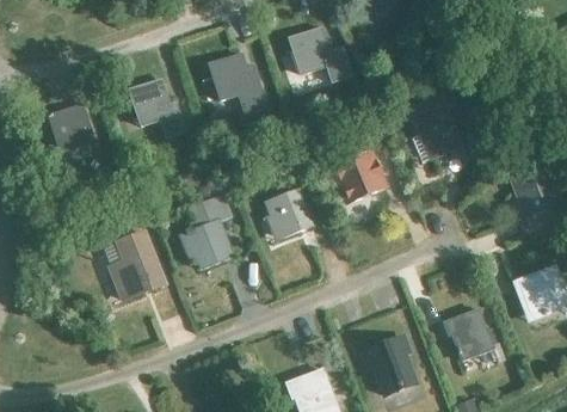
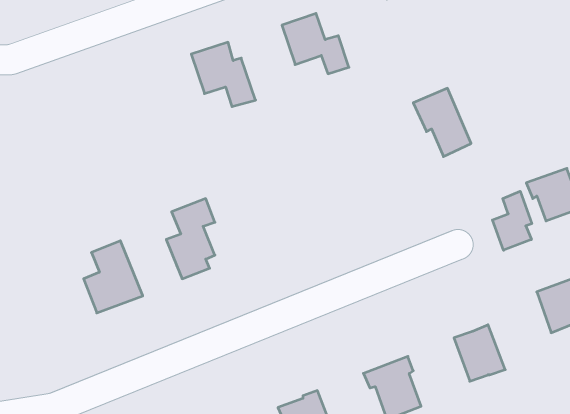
building: [129,78,184,137] -> none
building: [49,104,94,150] -> none
building: [332,150,387,203] -> none
building: [265,187,313,235] -> none
building: none -> [492,191,532,250]

